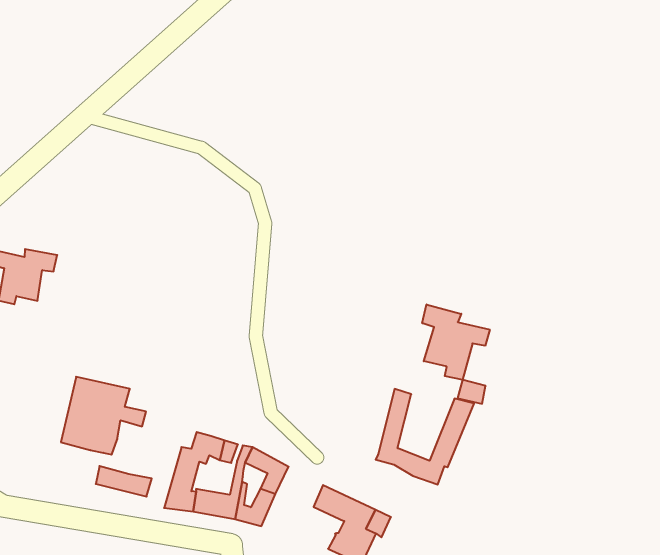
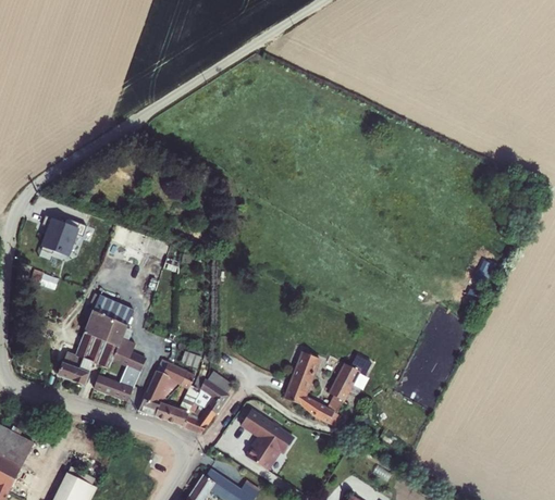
building: [422,304,490,380] -> none
building: none -> [89,295,133,324]
building: none -> [111,345,145,388]
building: none -> [55,350,91,383]

